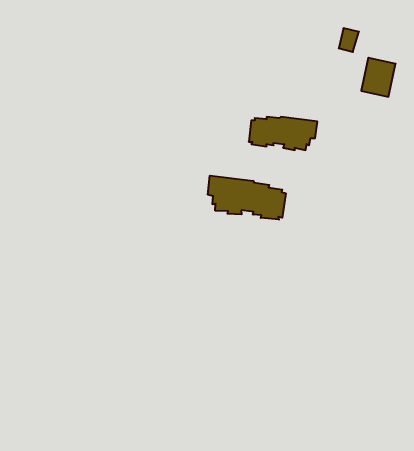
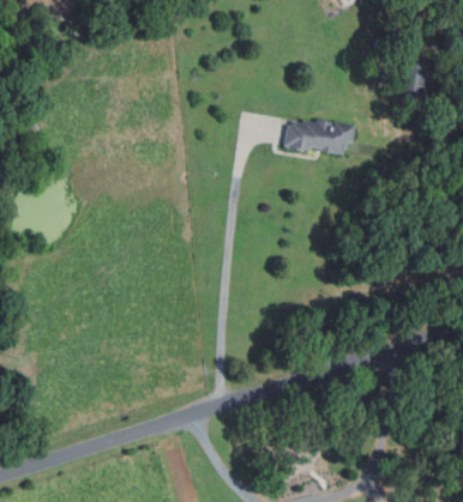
building: [208,176,286,220] -> none

